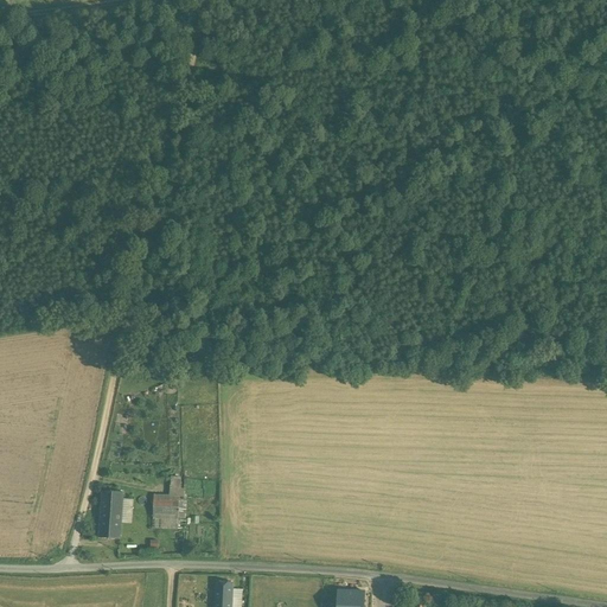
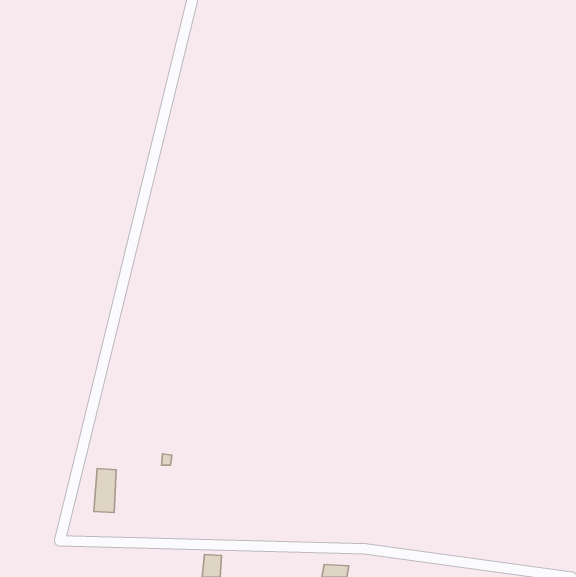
building: [152,496,179,519] -> none

